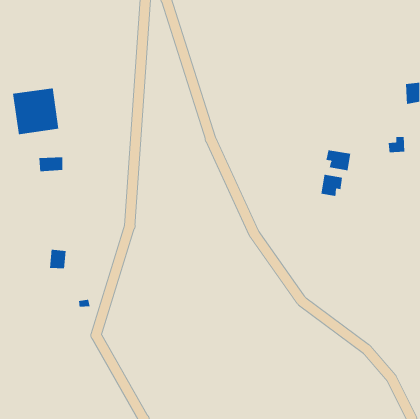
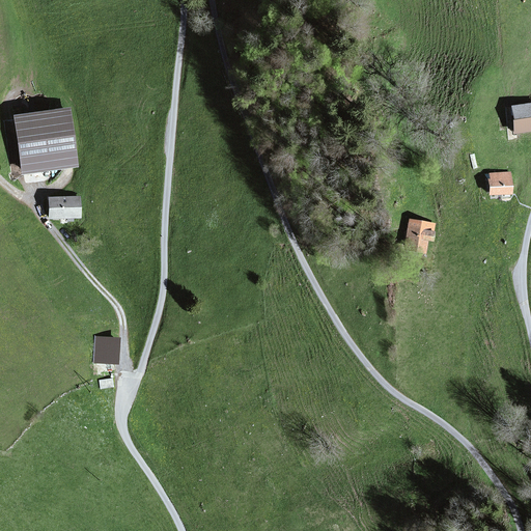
building: [326,149,351,171] -> none
building: [49,249,66,269] -> [94,337,116,362]

